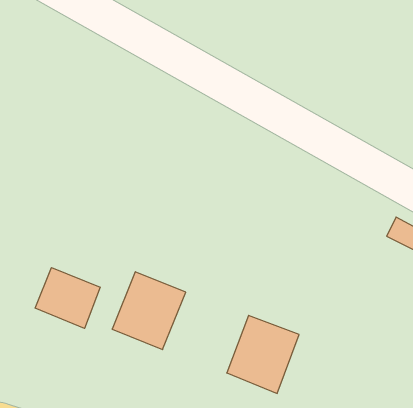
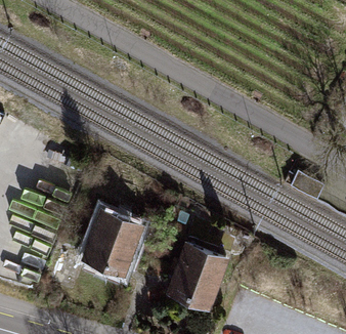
building: [35,268,100,328] -> none

